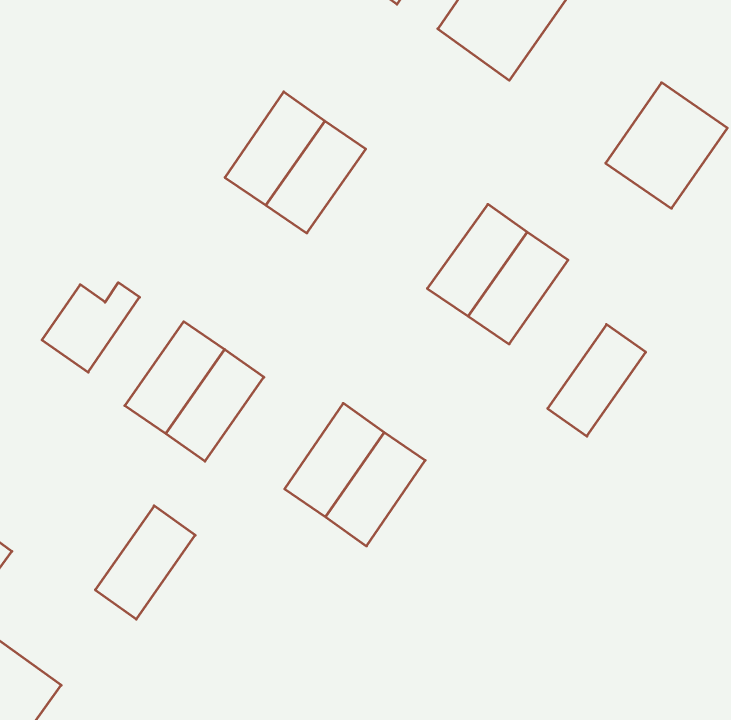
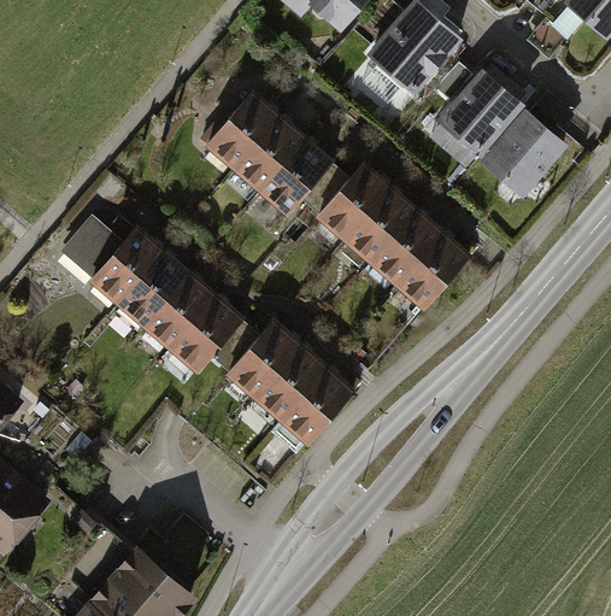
building: none -> [436,68,525,158]
building: none -> [258,136,334,217]
building: none -> [315,162,390,241]
building: none -> [87,225,163,305]
building: [548,324,646,436] -> [396,230,471,310]
building: none -> [280,365,356,446]
building: [95,506,195,619] -> [169,294,245,375]

